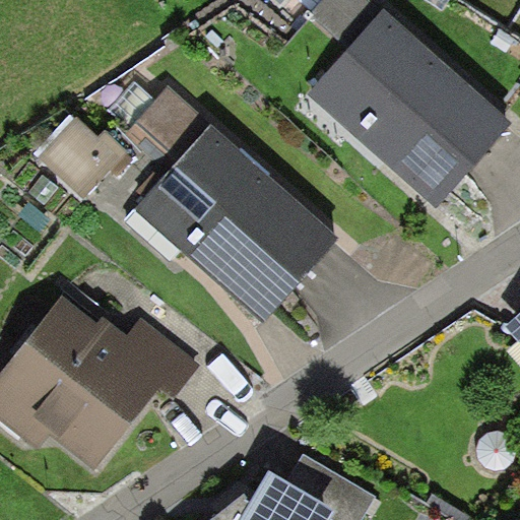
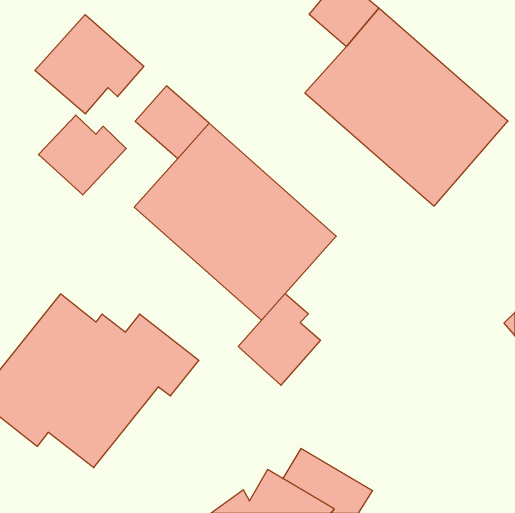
building: none -> [35,15,144,114]
building: none -> [238,294,320,385]

